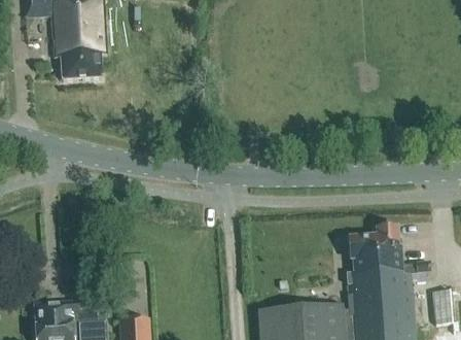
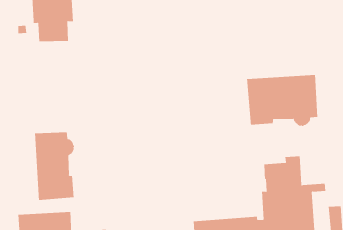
building: none -> [247,74,318,127]
building: none -> [34,131,75,201]

